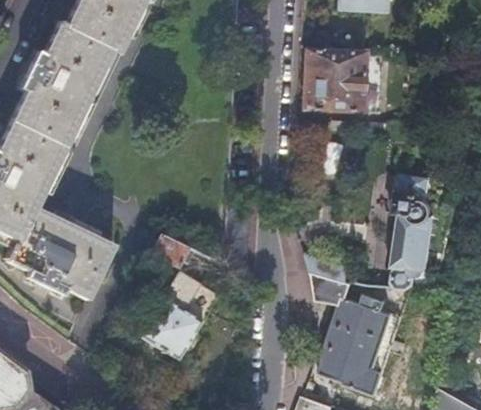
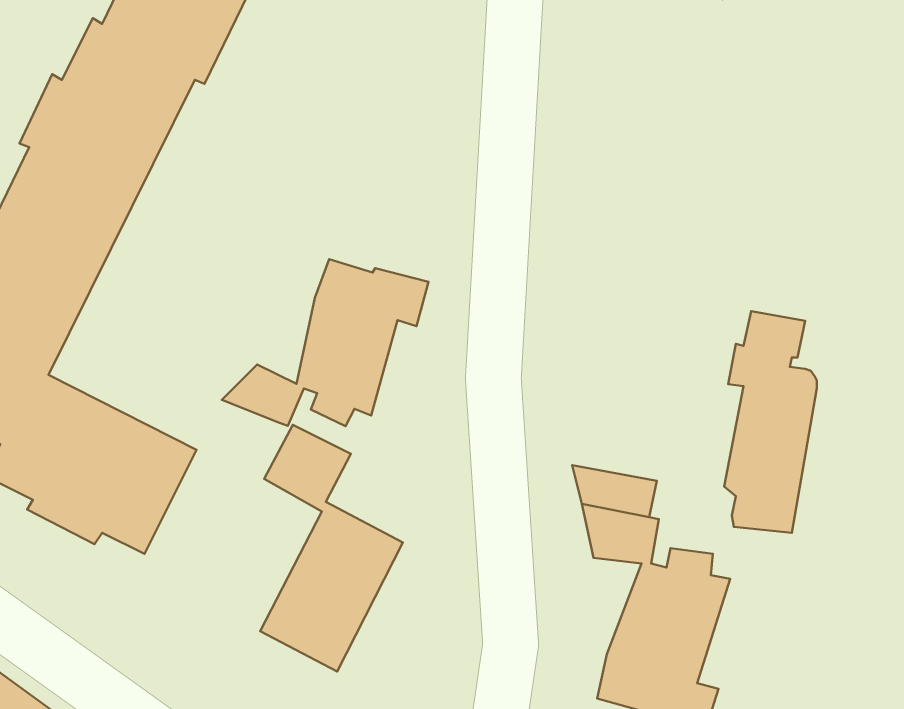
building: [303,49,382,112] -> none
building: none -> [222,259,428,426]

